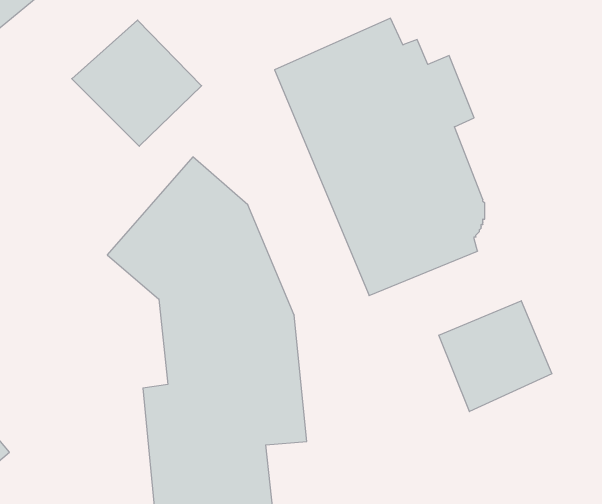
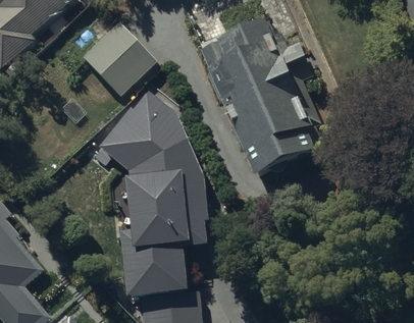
building: [439,301,552,412] -> none

